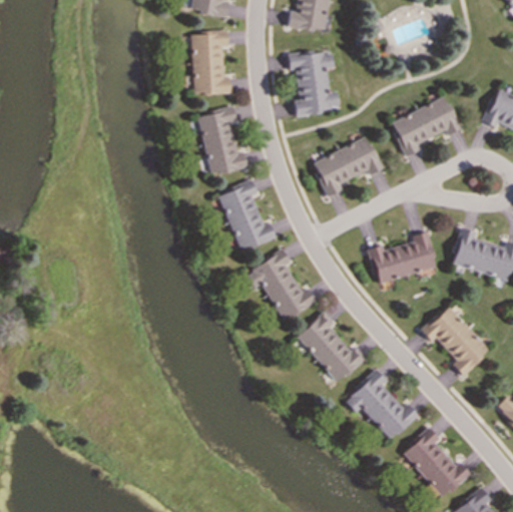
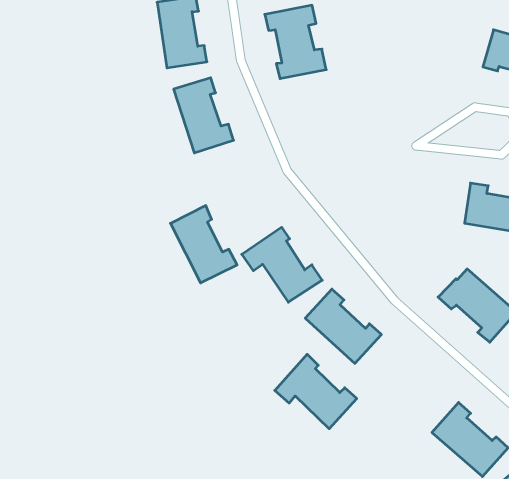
building: [389,96,460,156] -> none
building: [312,136,383,196] -> none
building: [218,180,276,250] -> [170,206,237,283]
building: [367,230,437,283] -> none
building: [344,370,418,440] -> [275,354,357,429]

